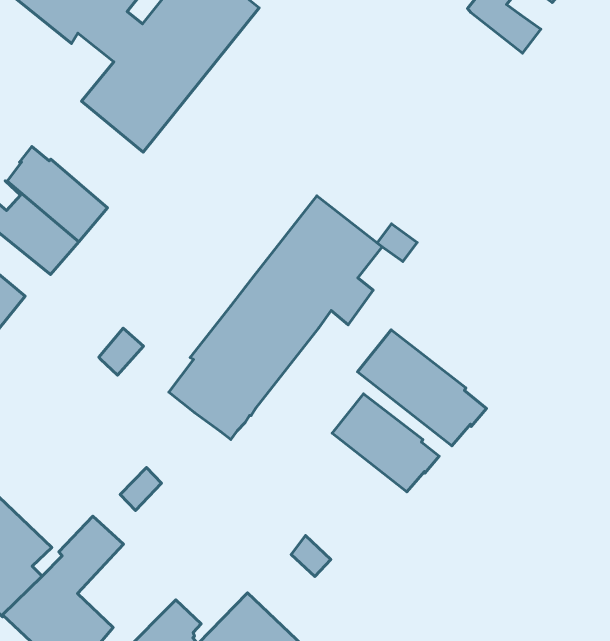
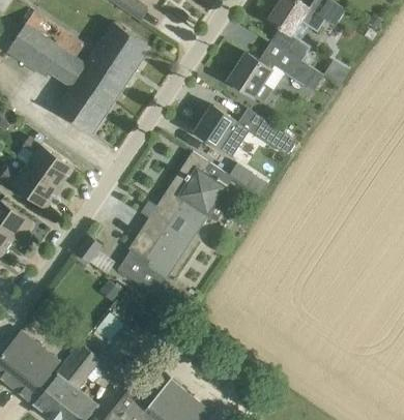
building: none -> [228,41,323,103]
building: none -> [195,106,295,156]
building: [358,330,487,446] -> none
building: [332,394,439,492] -> none

